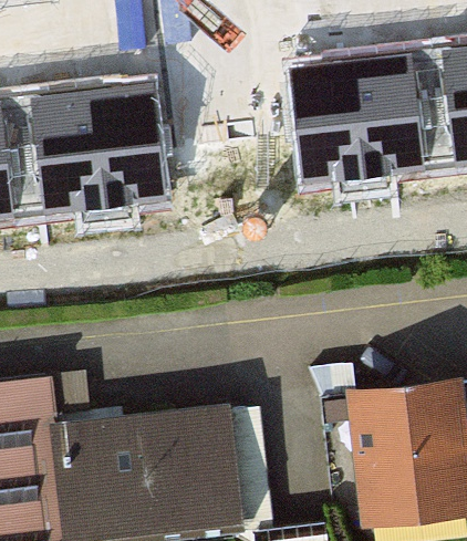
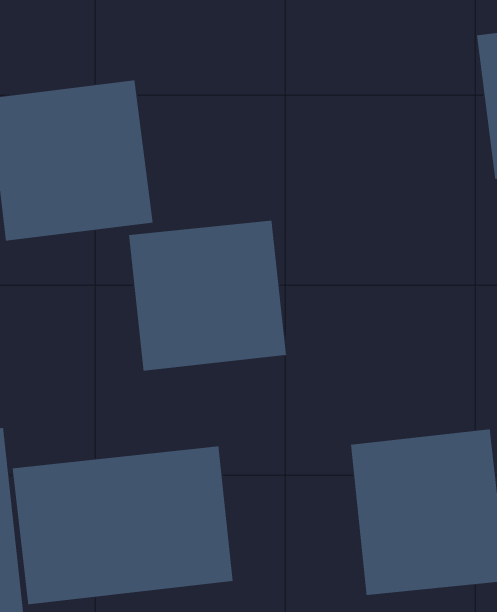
building: [291,54,430,190] -> none
building: none -> [128,220,286,371]

